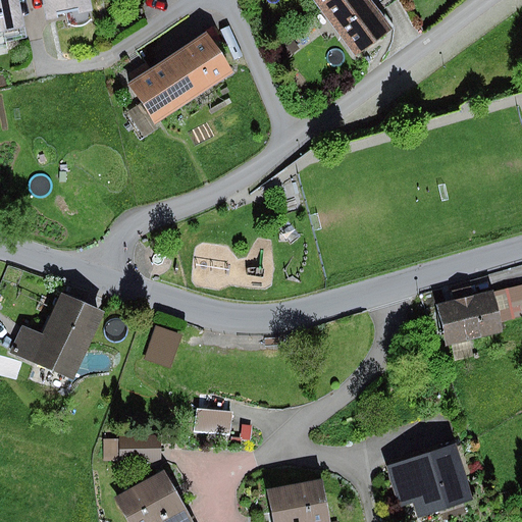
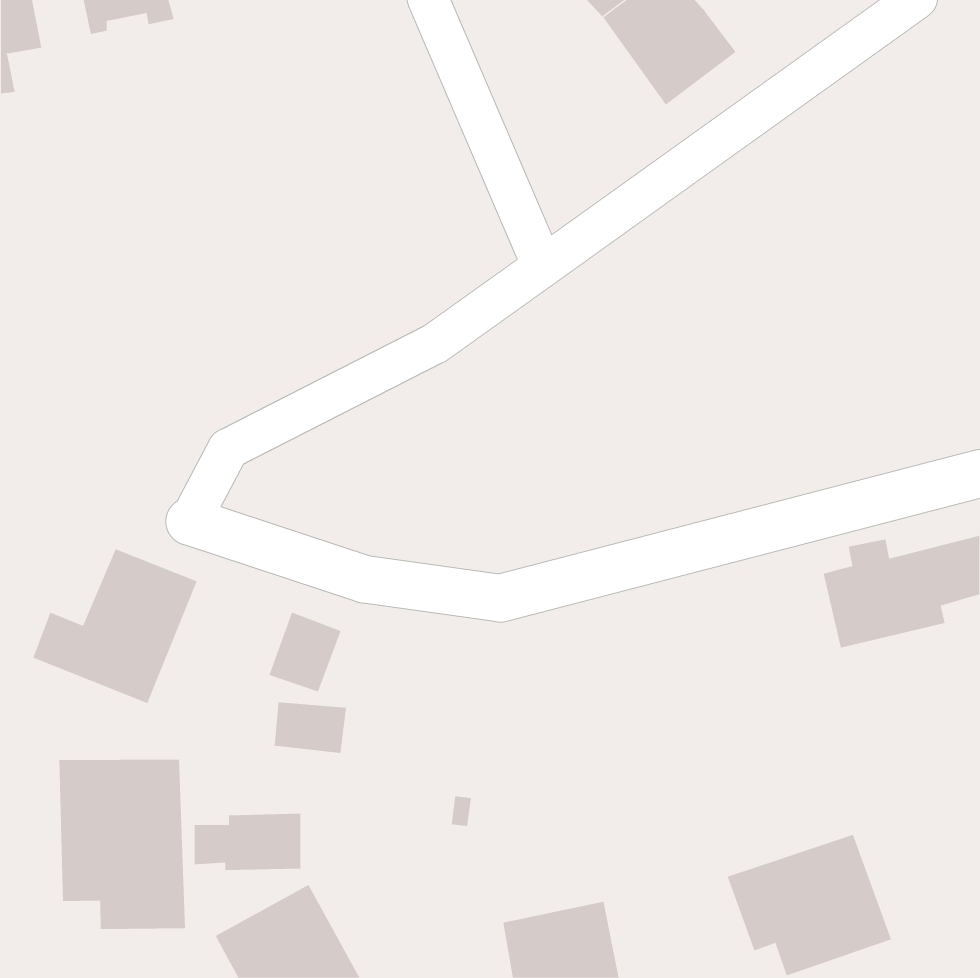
building: [124,31,234,123] -> none
building: none -> [59,759,185,930]
building: [194,408,232,435] -> [274,702,347,754]

